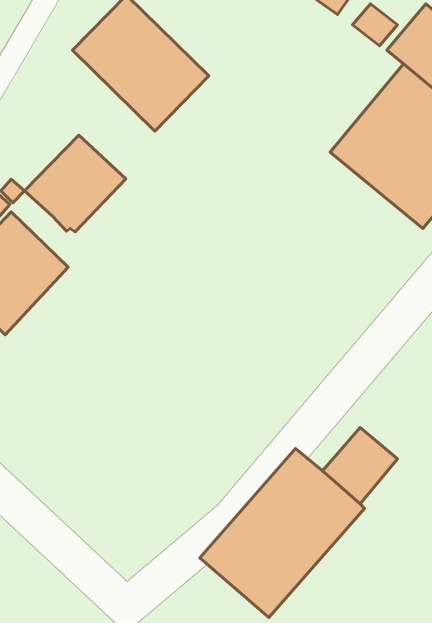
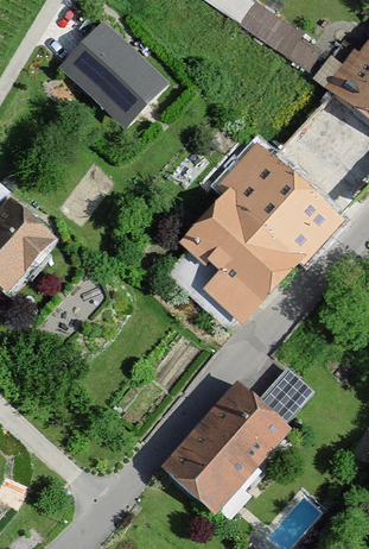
building: [25,135,126,232] -> none
building: none -> [177,147,337,311]

